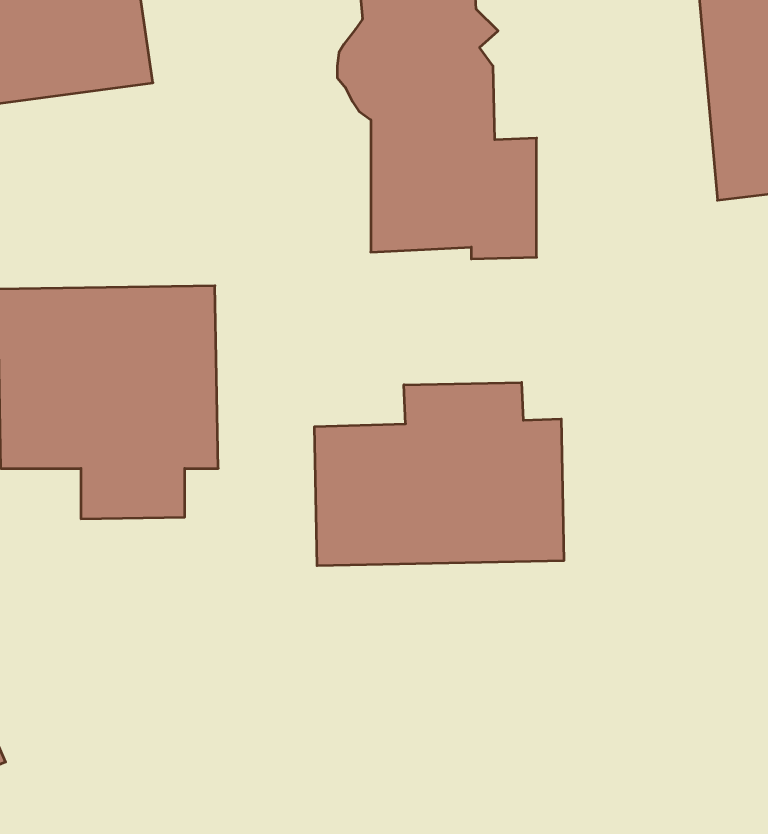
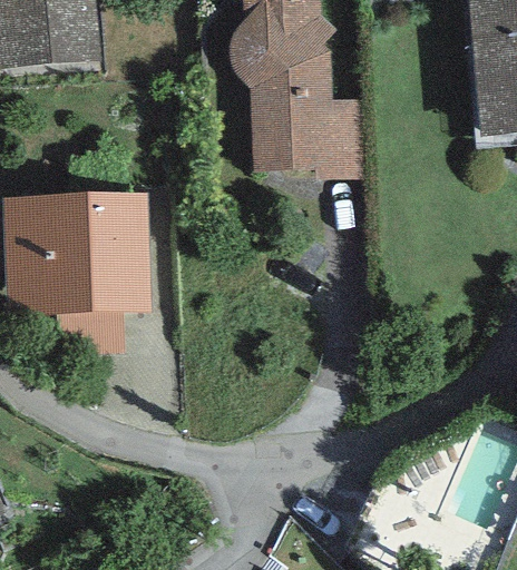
building: [315,382,564,566] -> none

